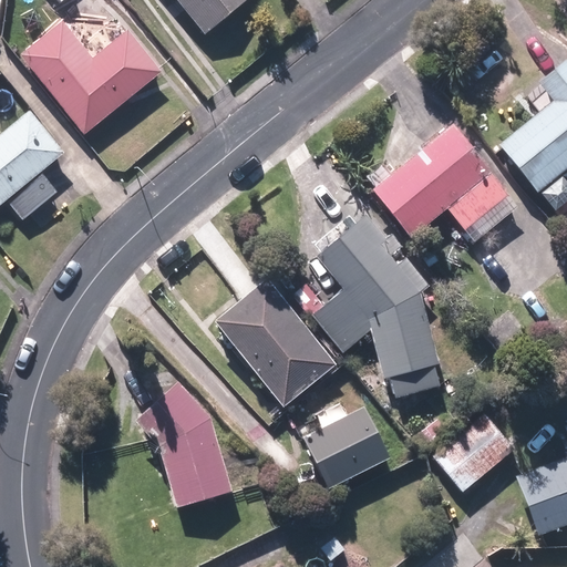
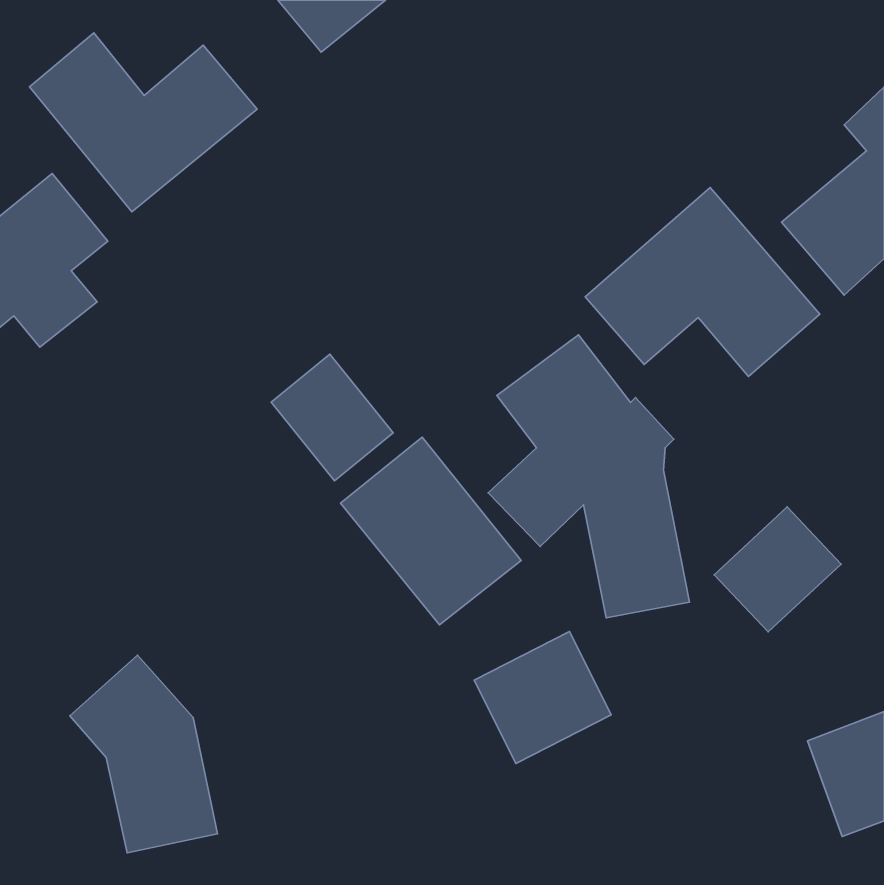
building: none -> [271,354,393,481]
building: [135,379,229,505] -> [70,655,217,853]
building: [431,413,512,493] -> [714,507,841,632]

